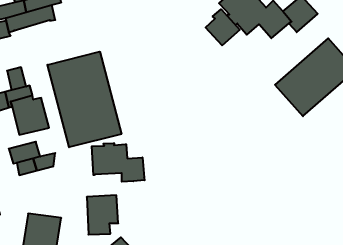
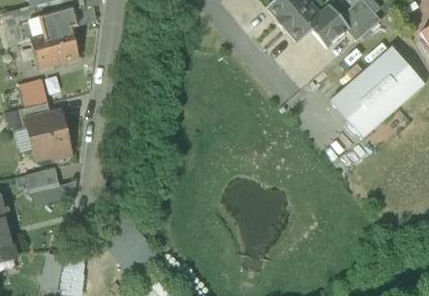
building: [206,9,240,45] -> none
building: none -> [30,26,80,69]
building: [47,52,121,147] -> none
building: [92,143,145,182] -> none

